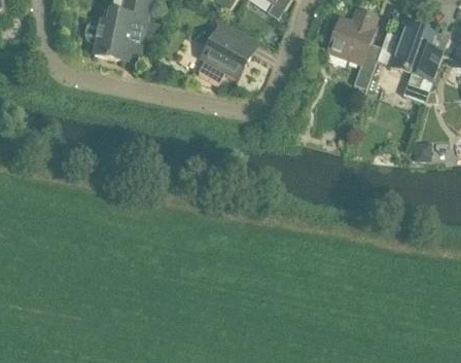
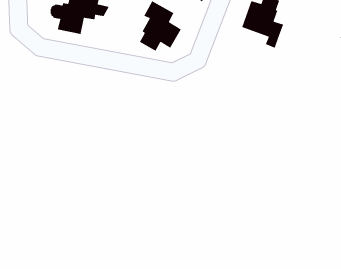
building: [377,21,447,102] -> none

